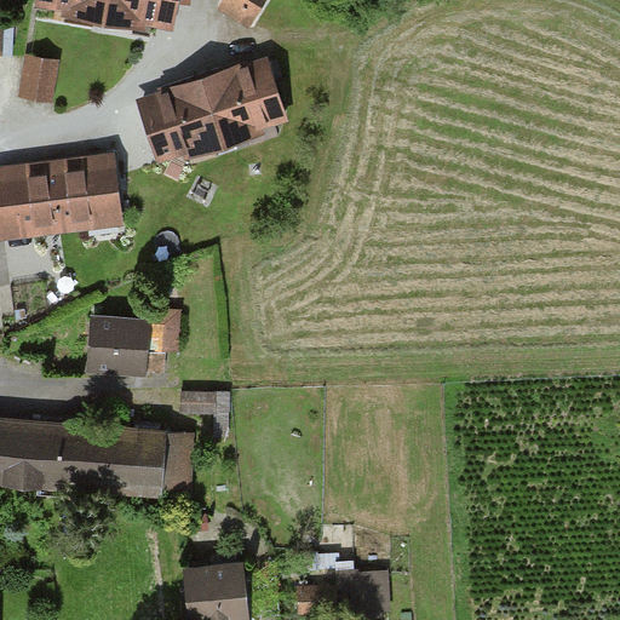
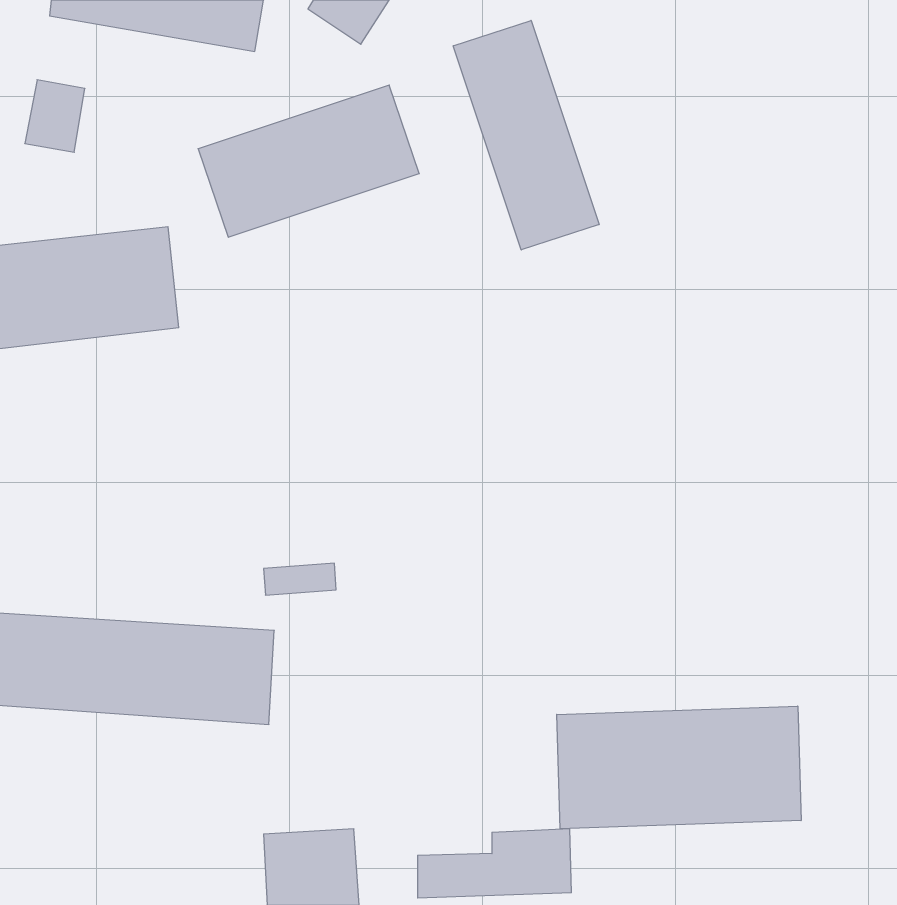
building: none -> [453,20,599,250]
building: [85,318,149,377] -> none
building: none -> [557,706,801,829]

